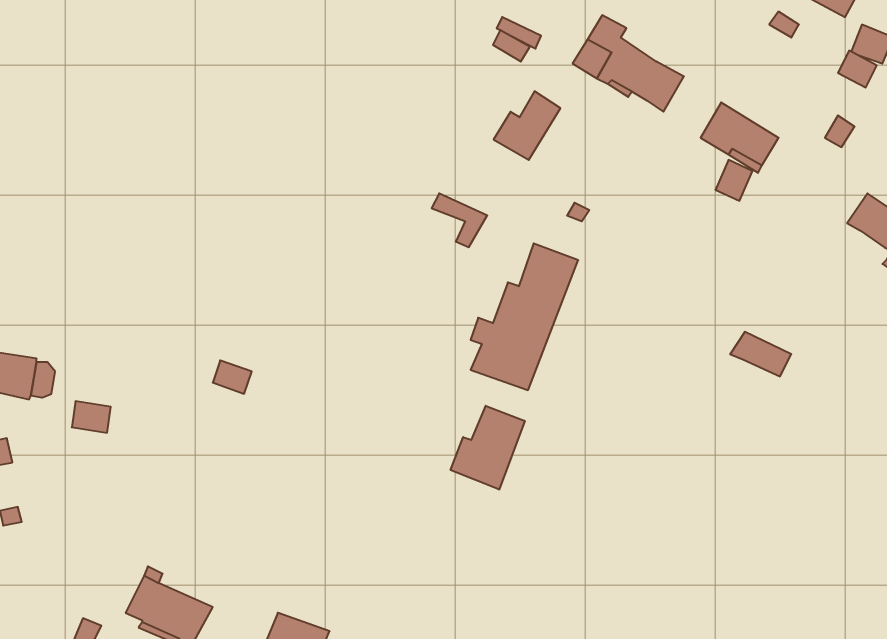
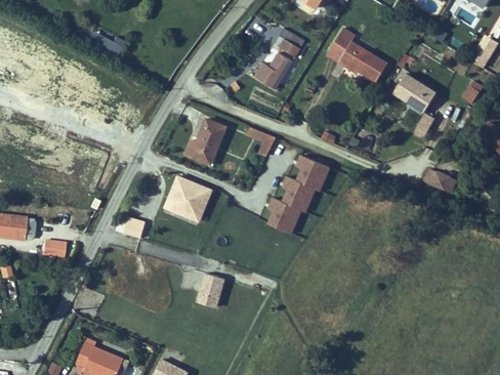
building: [494,91,560,160] -> [255,49,292,87]
building: none -> [187,117,228,163]
building: none -> [169,174,213,216]
building: [730,332,791,376] -> [423,169,457,194]
building: [451,406,525,490] -> none
building: none -> [199,272,226,306]

